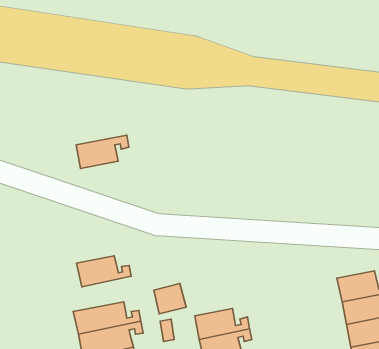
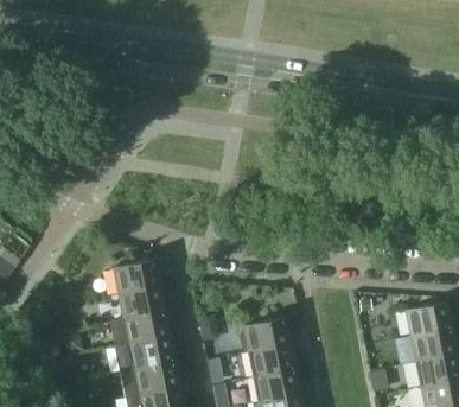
building: [76,135,129,169] -> [113,257,171,294]
building: none -> [109,309,181,348]
building: none -> [242,314,300,352]

